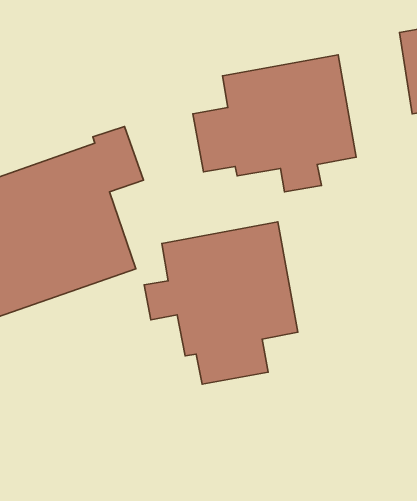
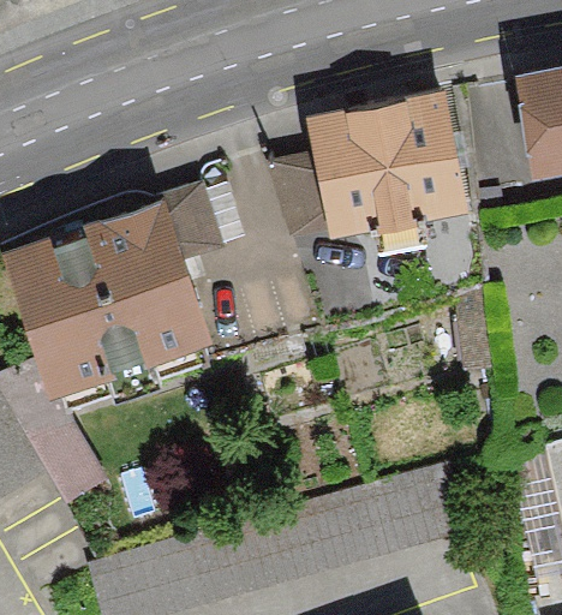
building: [144,222,298,384] -> none

